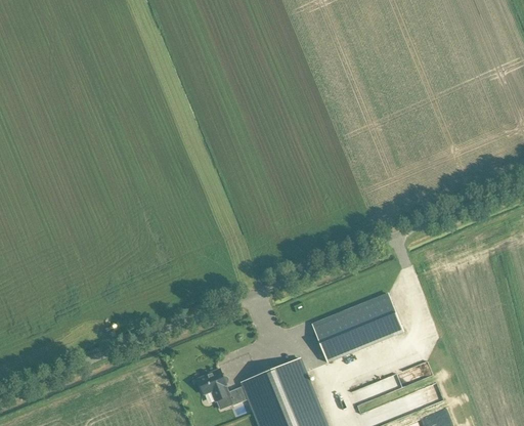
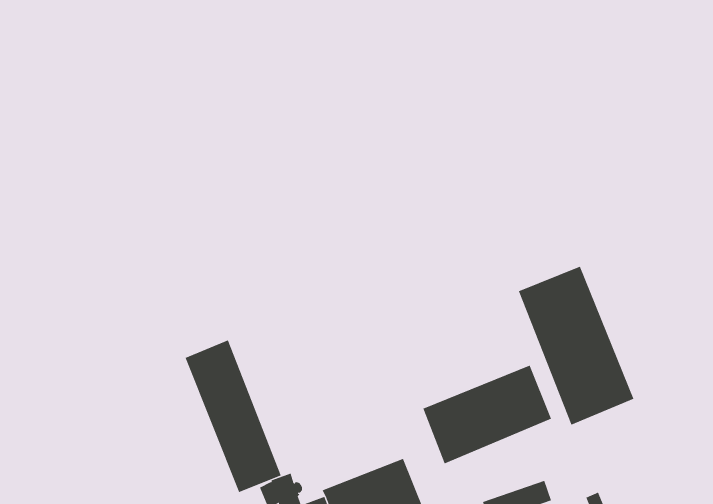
building: none -> [518,266,634,426]
building: none -> [185,339,281,493]

